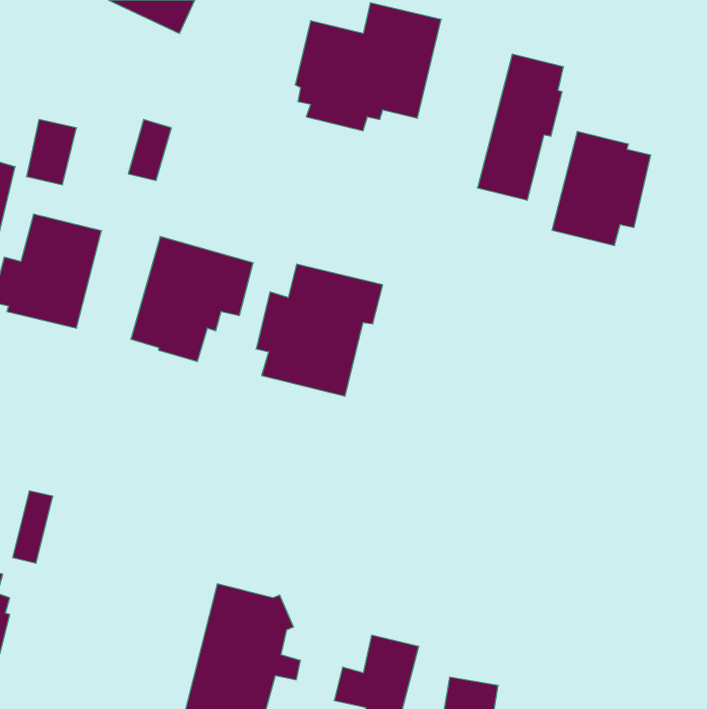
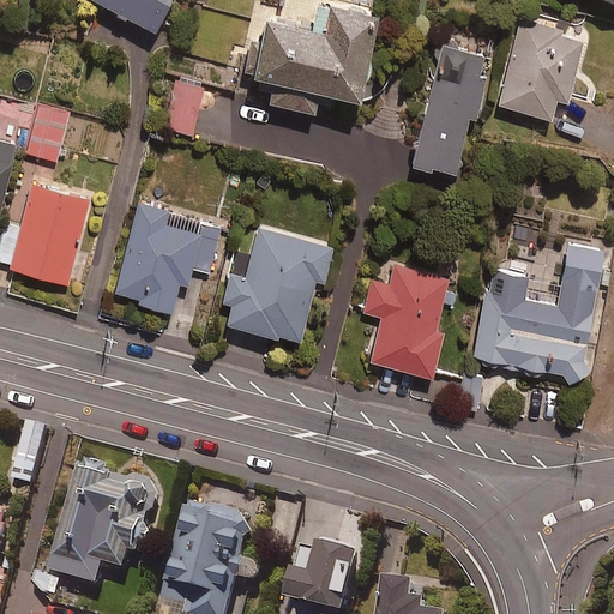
building: [128,119,171,181] -> [163,82,200,134]
building: [552,132,651,246] -> [496,20,582,119]
building: none -> [471,241,602,387]
building: none -> [361,265,446,378]
building: none -> [50,465,158,590]

